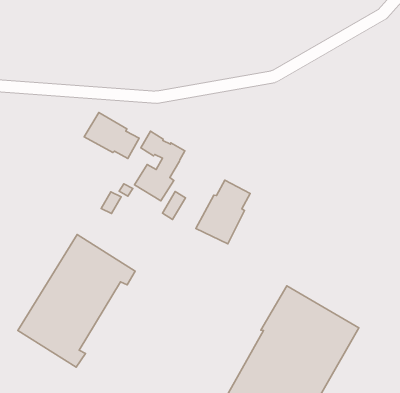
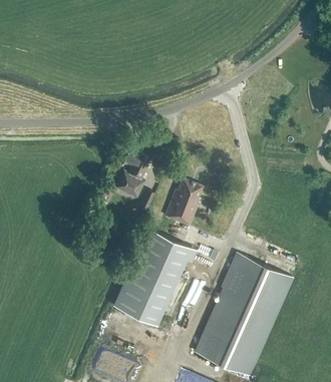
building: [84,113,139,158] -> none
building: [18,234,135,367] -> [109,231,193,330]

